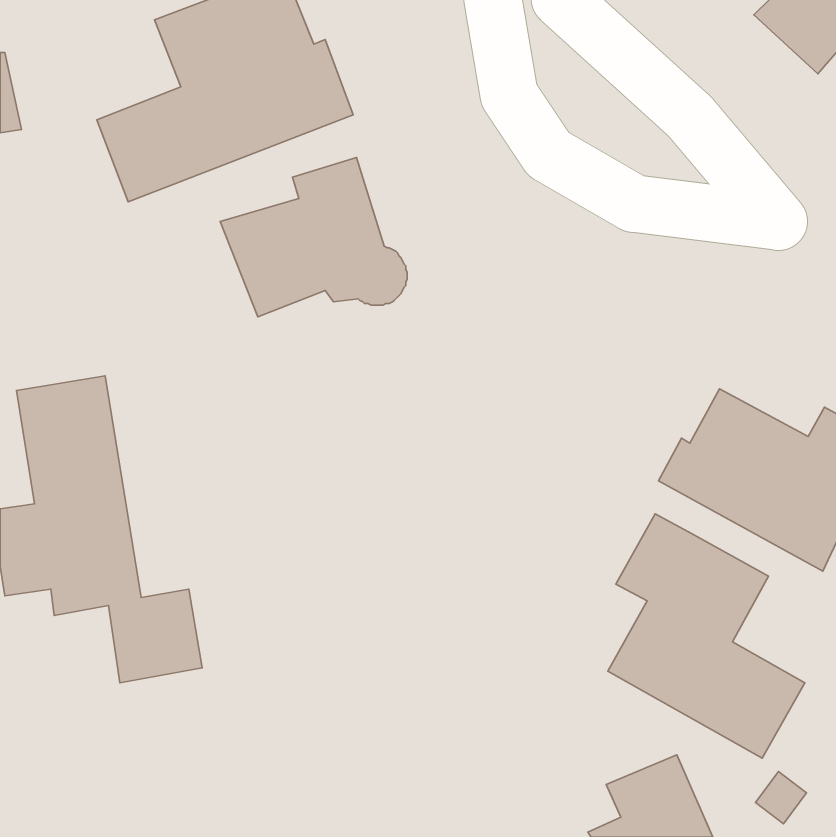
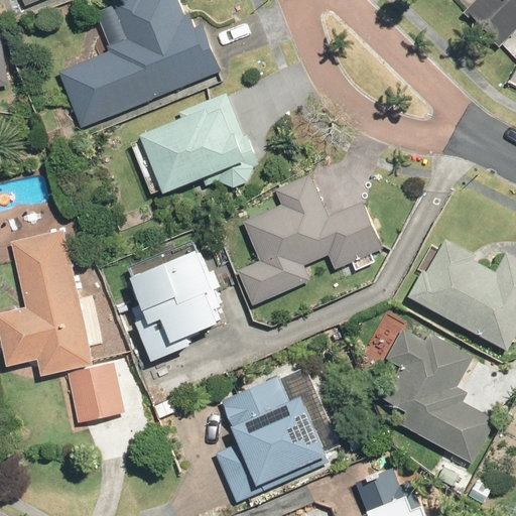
building: none -> [239,174,385,302]
building: none -> [119,241,228,366]
building: none -> [221,378,326,492]

